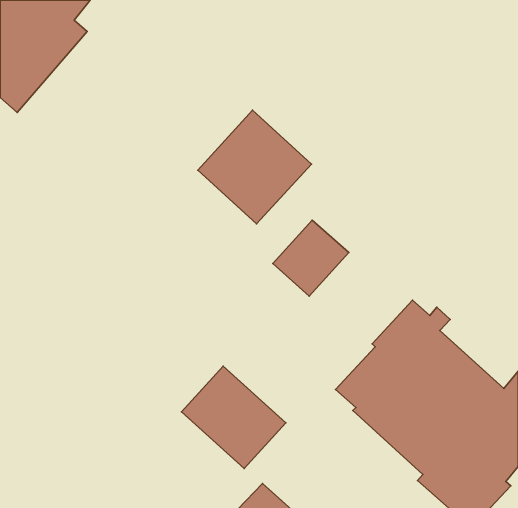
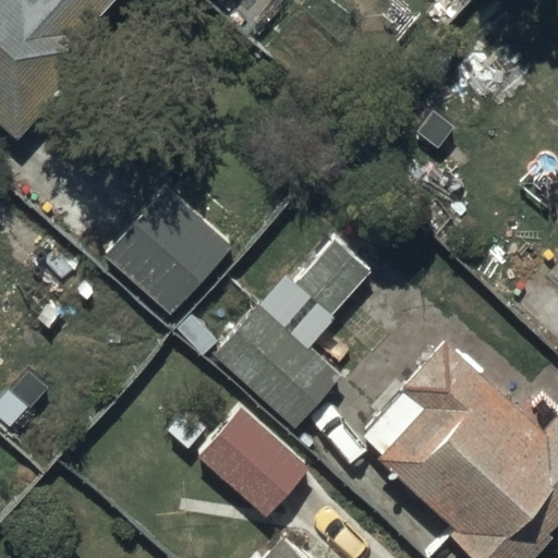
building: [198,110,311,224] -> [105,190,227,312]
building: none -> [216,316,343,442]

